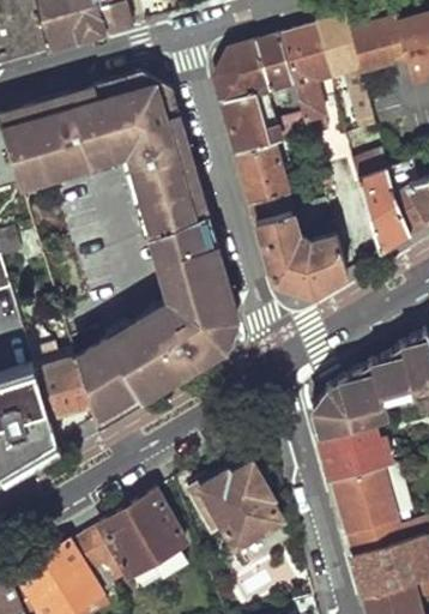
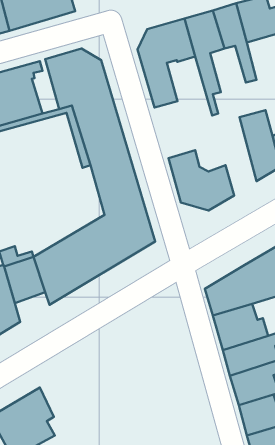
building: [240,146,295,224] -> none
building: [188,463,282,544] -> none
building: [85,492,186,578] -> none

